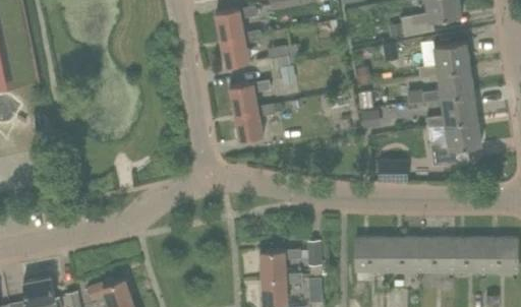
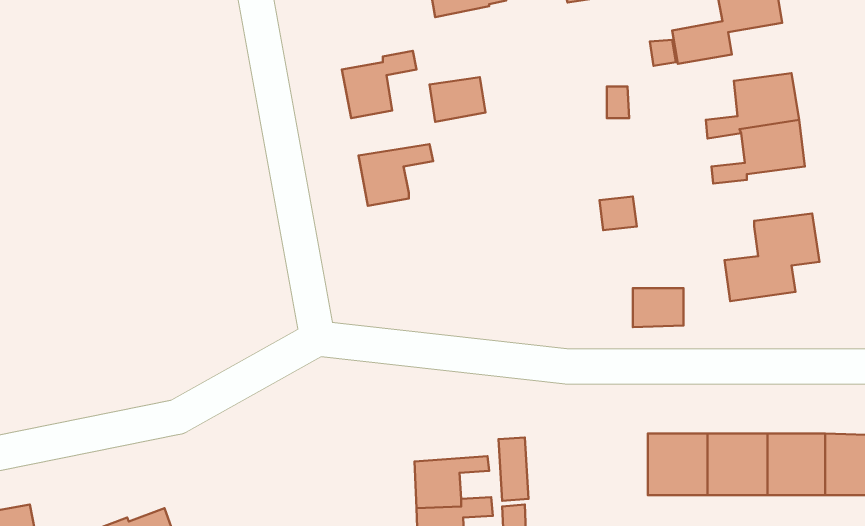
building: [216,6,255,40] -> none
building: [425,93,476,127] -> none
building: [234,104,275,140] -> none
building: [354,238,387,271] -> none

